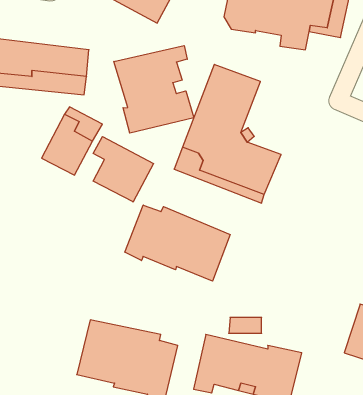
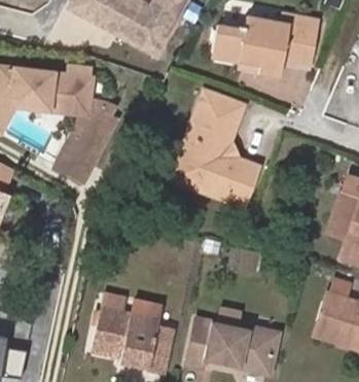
building: [114,46,194,133] -> none
building: [93,137,154,202] -> none
building: [125,205,230,281] -> none

